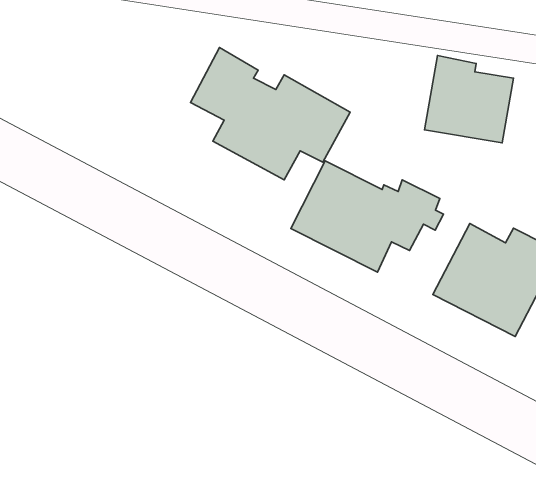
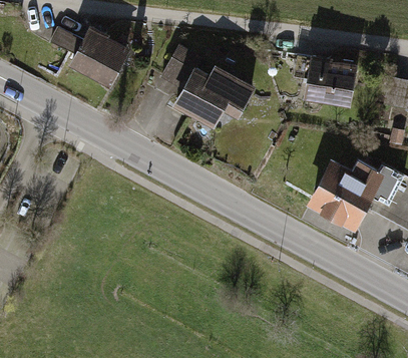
building: none -> [46,25,131,90]
building: [291,161,443,272] -> none

